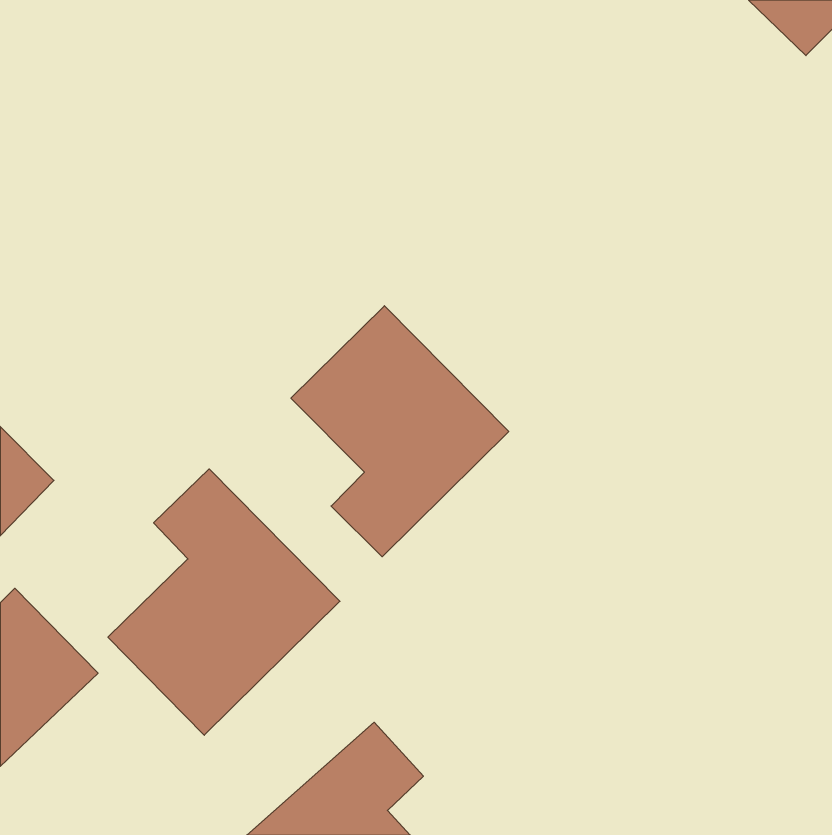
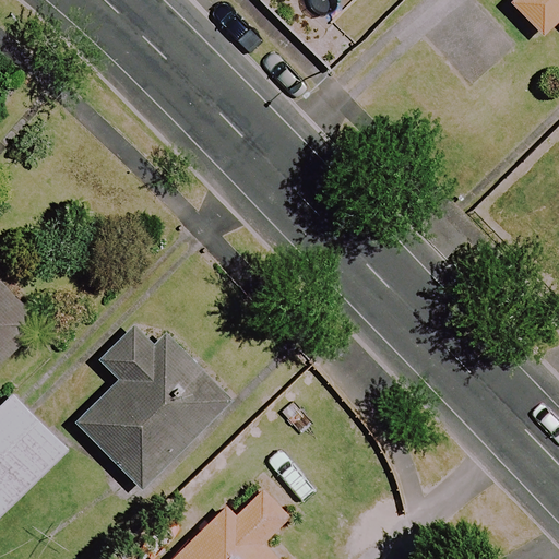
building: [291,306,509,557] -> none

